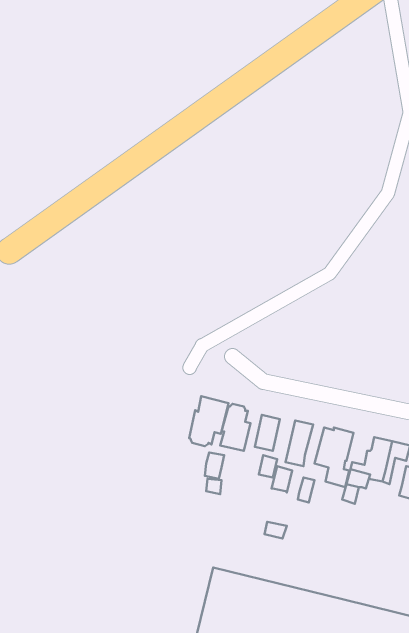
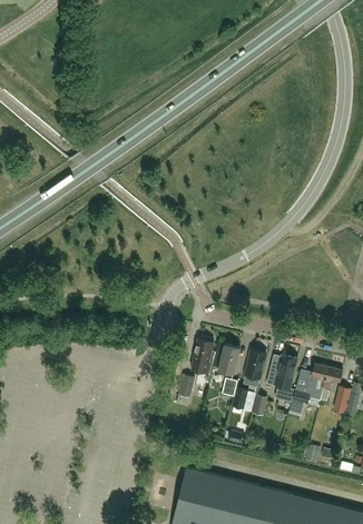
building: [189,396,229,446] -> none

